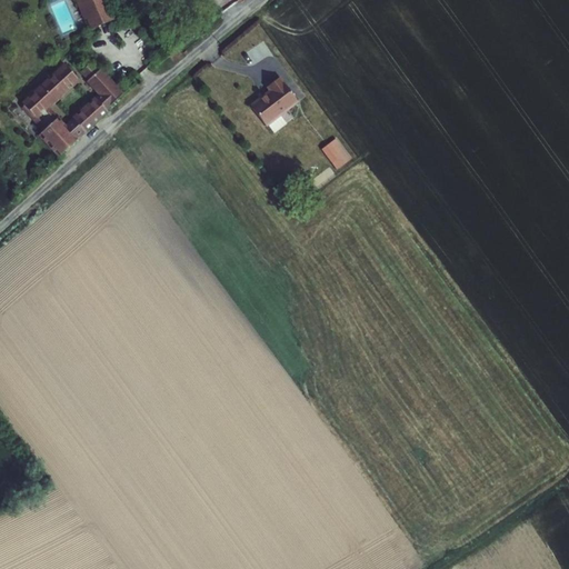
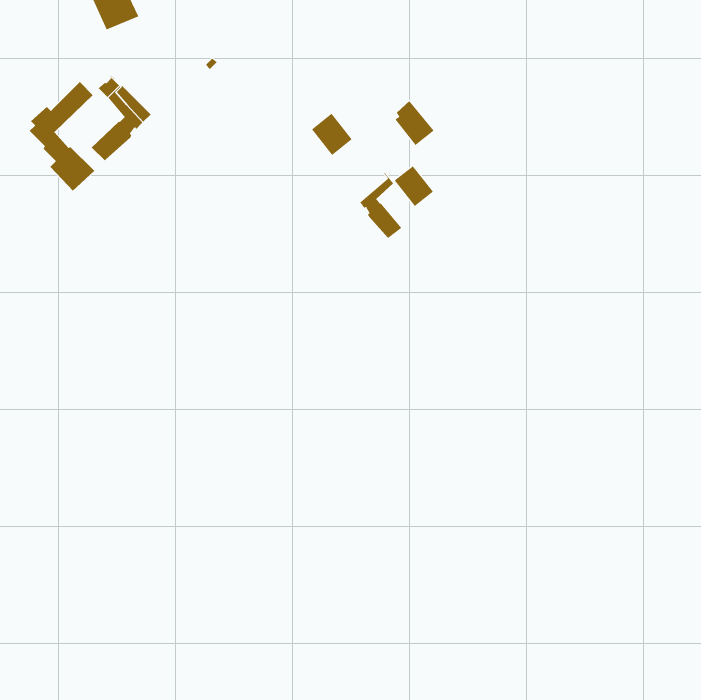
building: [268,76,300,112] -> [394,100,434,146]
building: none -> [359,172,402,239]

